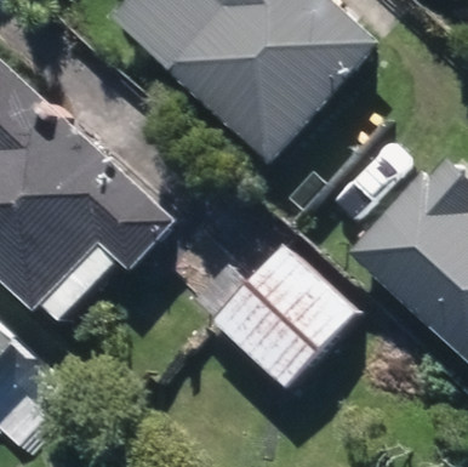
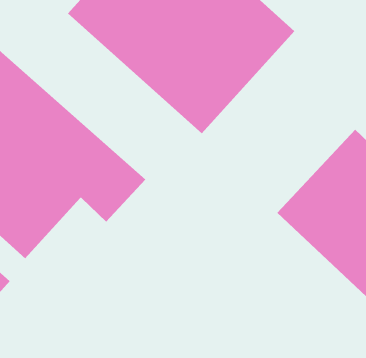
building: [207,243,354,389] -> none

